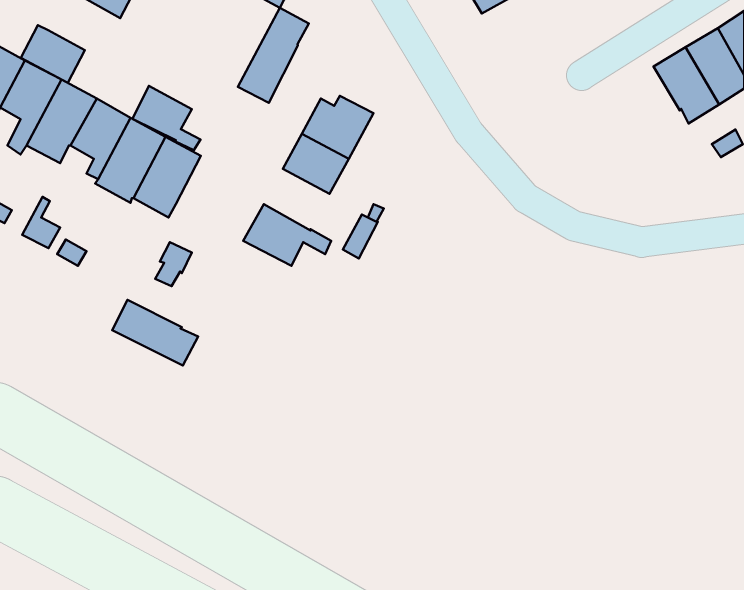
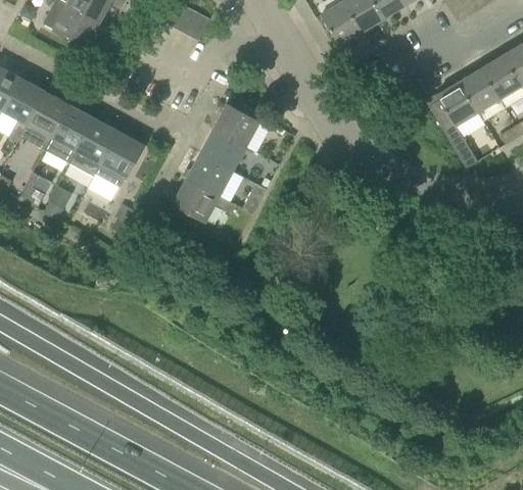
building: [238,8,309,103] -> none
building: [21,25,85,83] -> none
building: none -> [428,82,498,168]
building: [133,86,201,150] -> none
building: none -> [187,153,233,196]
building: [112,300,198,365] -> none

